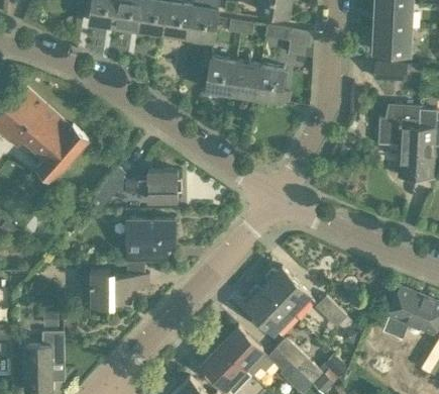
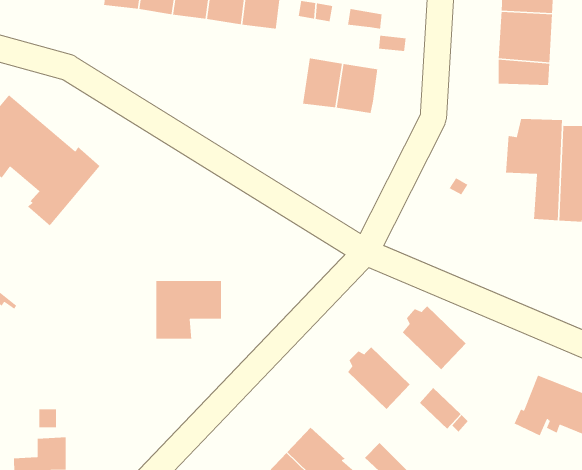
building: [205,58,236,95] -> none
building: [81,168,180,210] -> none
building: [83,264,148,308] -> none
building: [245,287,292,333] -> [402,305,467,370]

